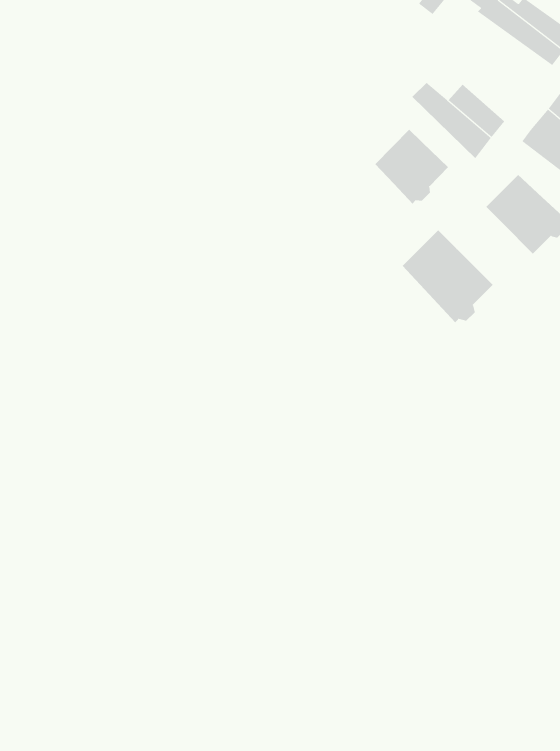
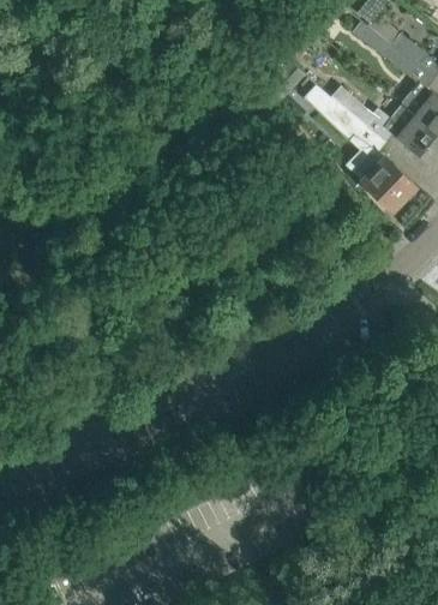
building: [375,129,449,205] -> none
building: [402,229,493,323] -> none

